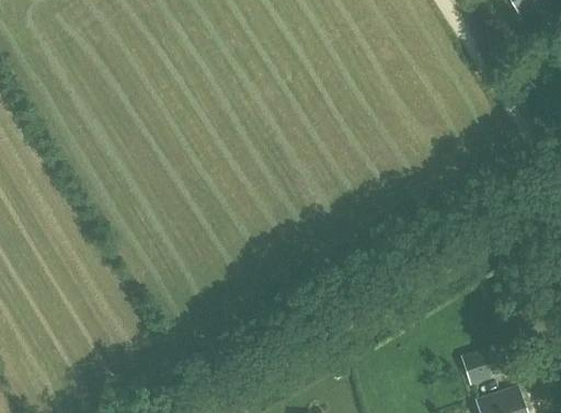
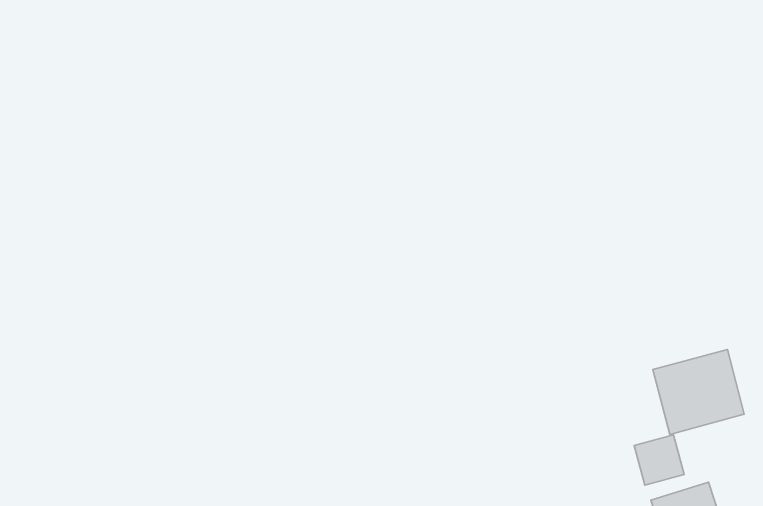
building: none -> [653,349,744,434]

